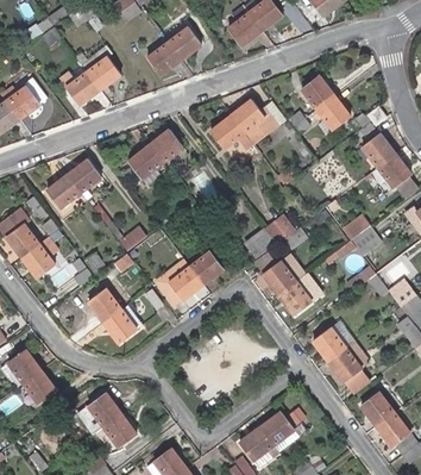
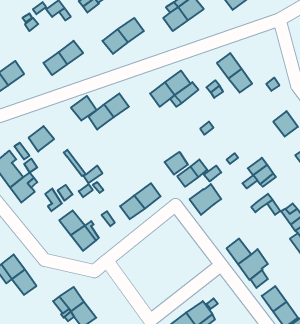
building: [362,132,395,168] -> none
building: [67,158,101,192] -> [71,96,96,121]
building: none -> [165,152,188,175]
building: [279,280,313,314] -> none

